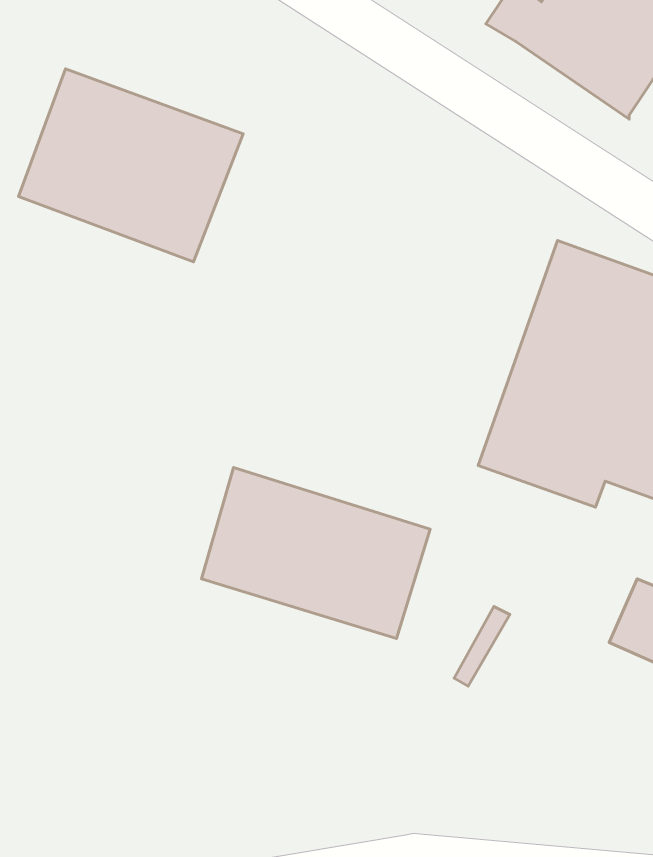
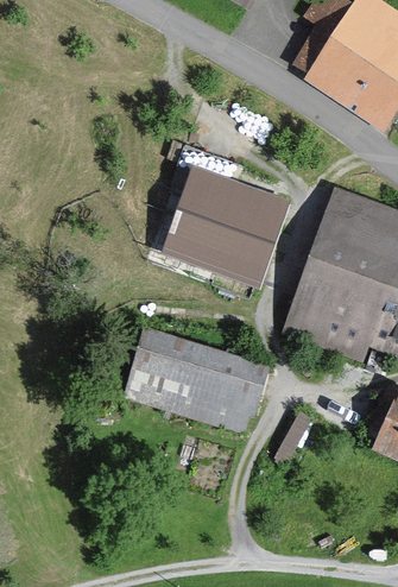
building: [18,69,243,262] -> none
building: none -> [169,145,284,282]

